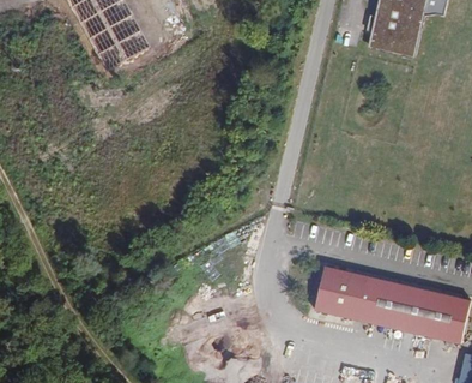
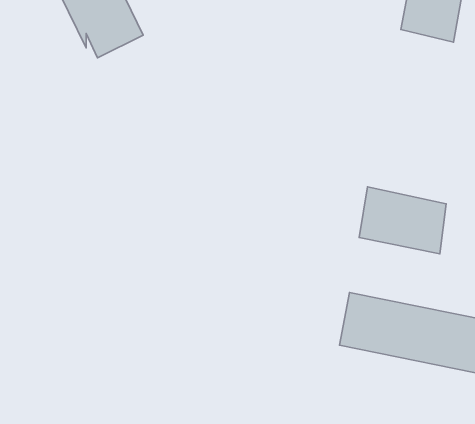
building: none -> [359,187,446,254]

